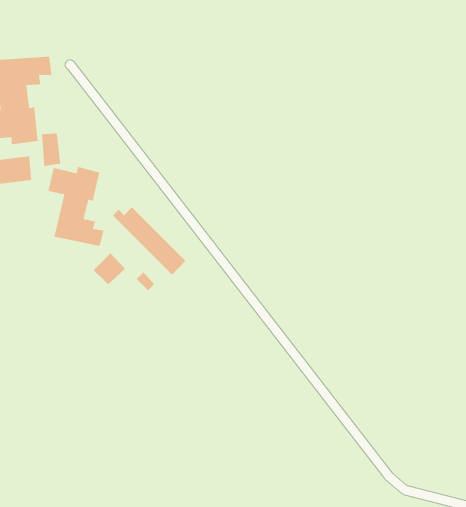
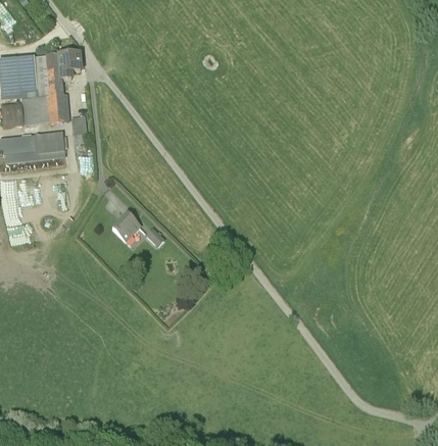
building: [48,166,105,247] -> none
building: [112,206,186,276] -> none

